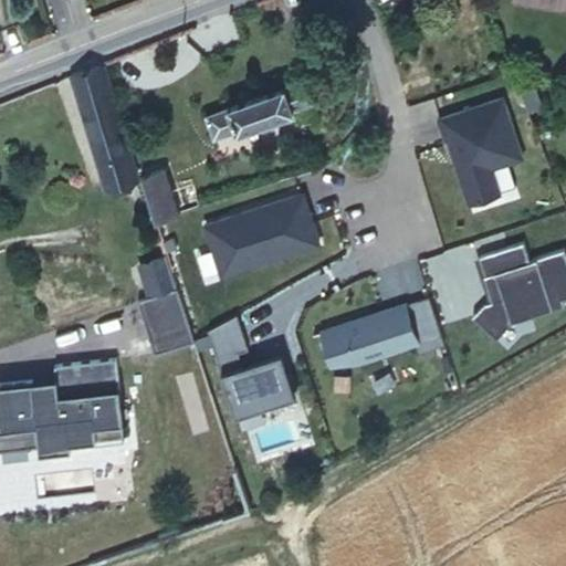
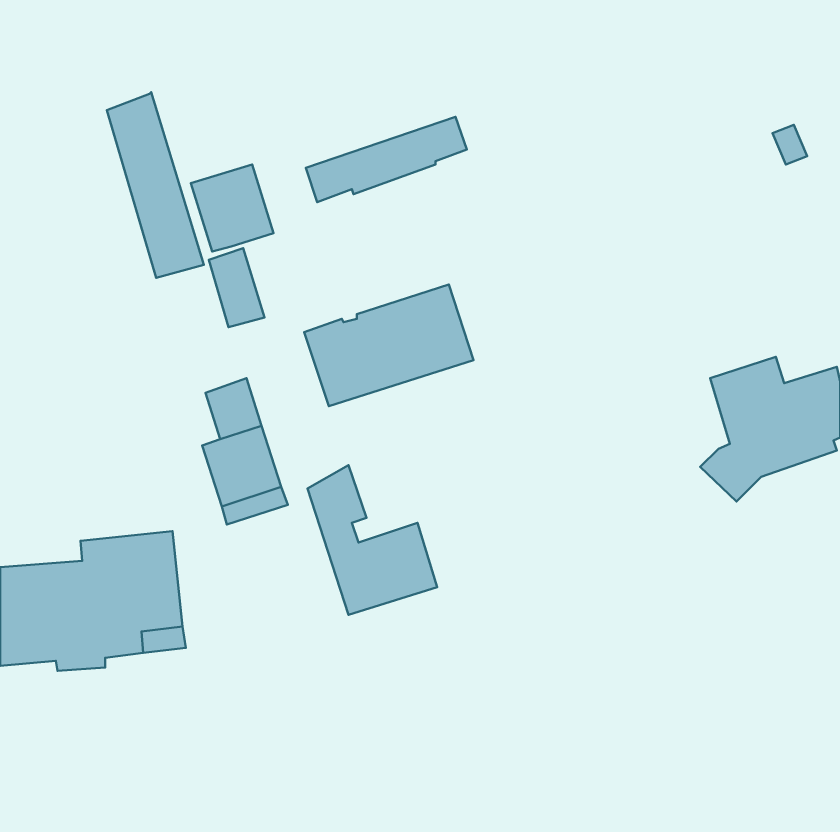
building: [438,102,522,208] -> none
building: none -> [191,165,273,251]
building: [321,300,443,366] -> none

